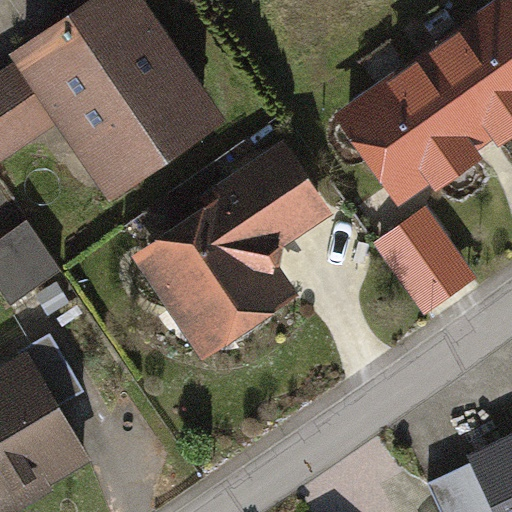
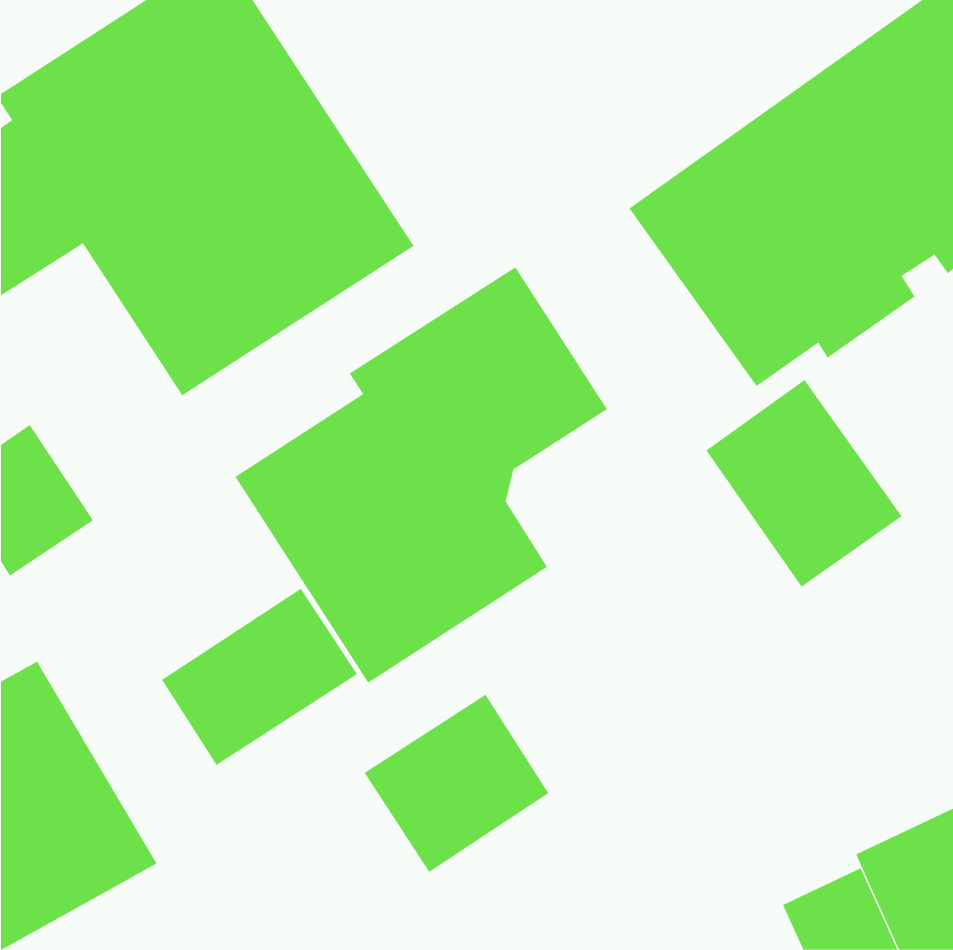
building: none -> [161,588,358,766]
building: none -> [364,694,549,873]

